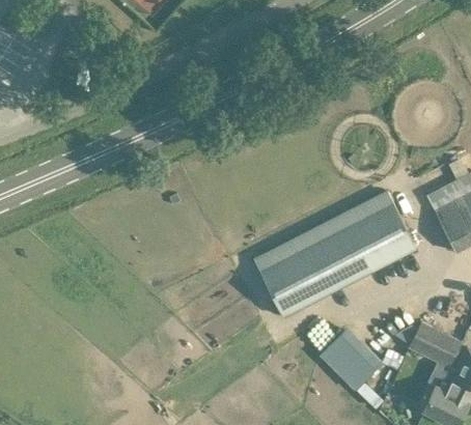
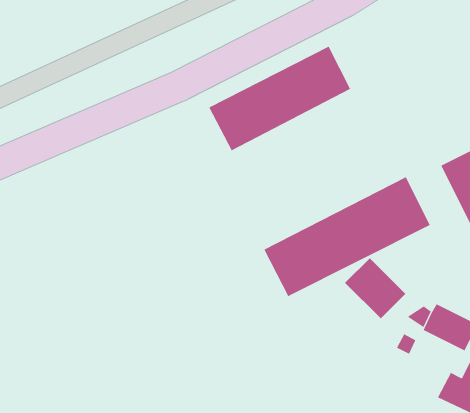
building: none -> [209,46,351,151]
building: [321,330,379,388] -> [344,257,406,319]

